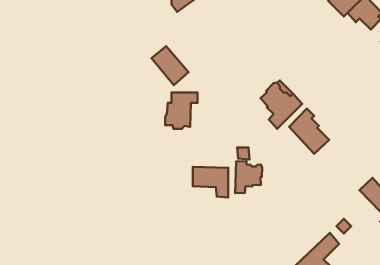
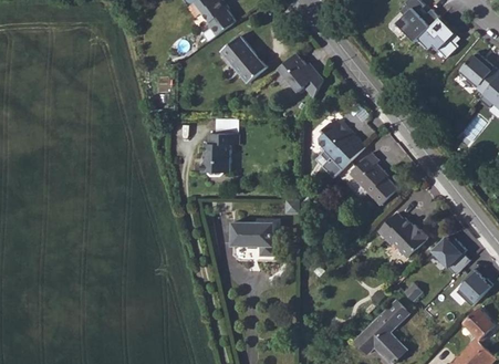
building: none -> [278,53,322,97]
building: [151,46,189,85] -> [221,35,266,82]
building: none -> [377,212,425,257]
building: [235,161,262,193] -> none

